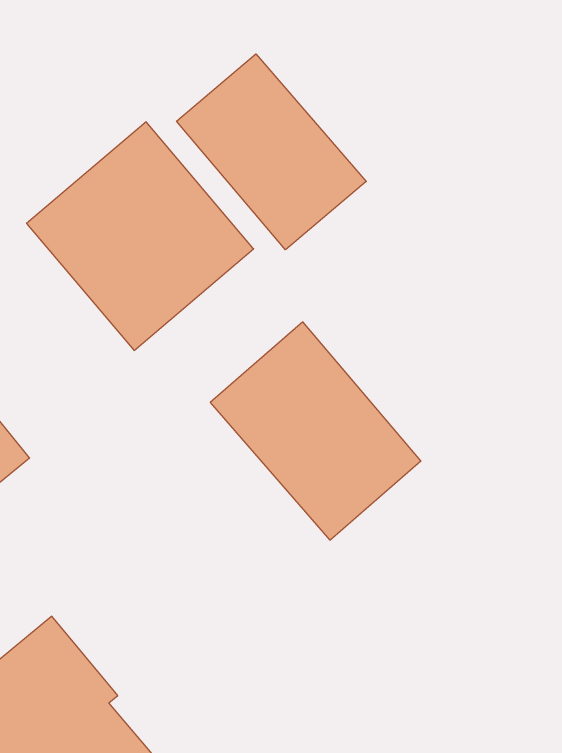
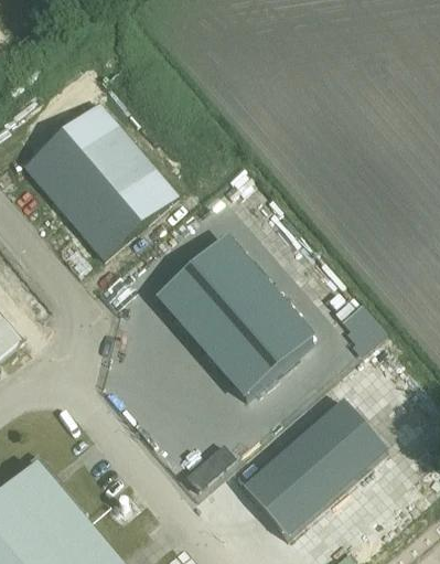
building: [177,54,366,250] -> none
building: none -> [243,402,387,540]

